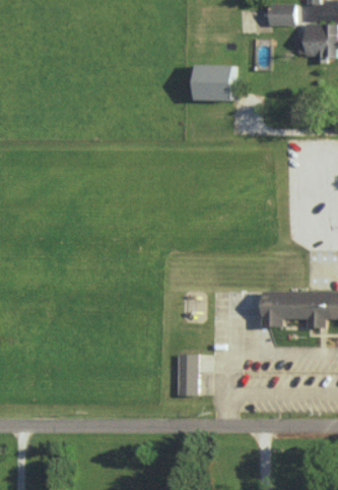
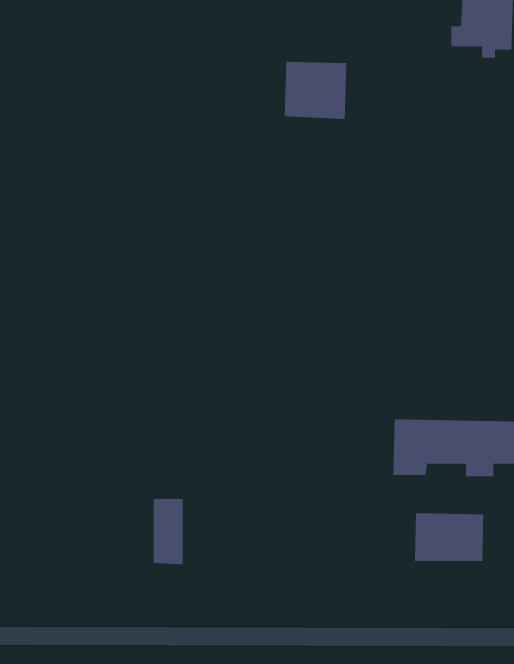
building: none -> [415,512,484,562]
building: [177,354,196,395] -> [153,498,184,565]

